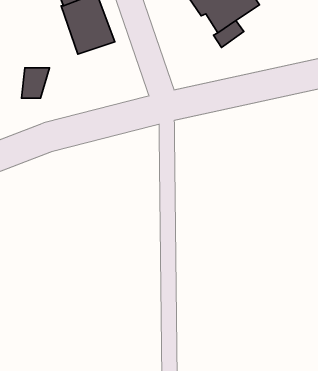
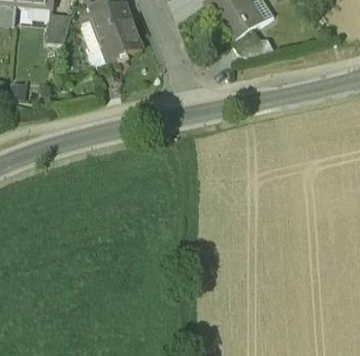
building: [21,68,49,98] -> [46,13,72,41]

